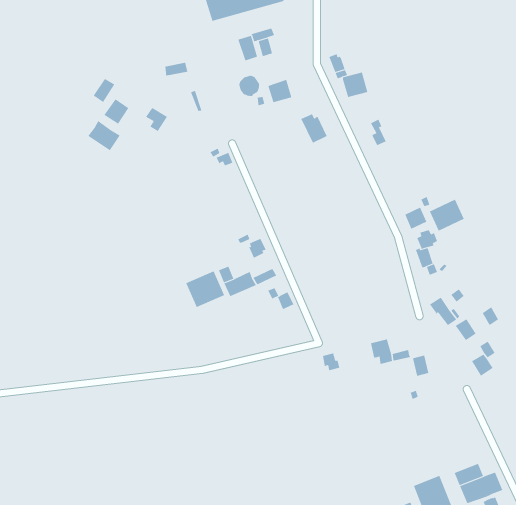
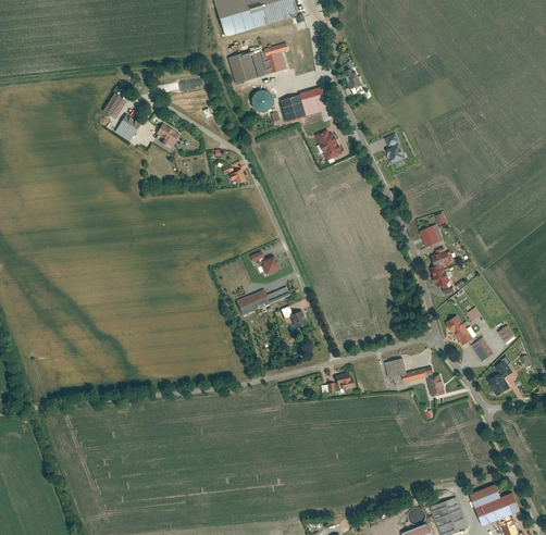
building: none -> [227,51,256,84]
building: [342,72,368,98] -> [300,87,326,113]
building: [87,120,121,151] -> none
building: [429,199,464,231] -> none
building: [185,271,225,308] -> none

